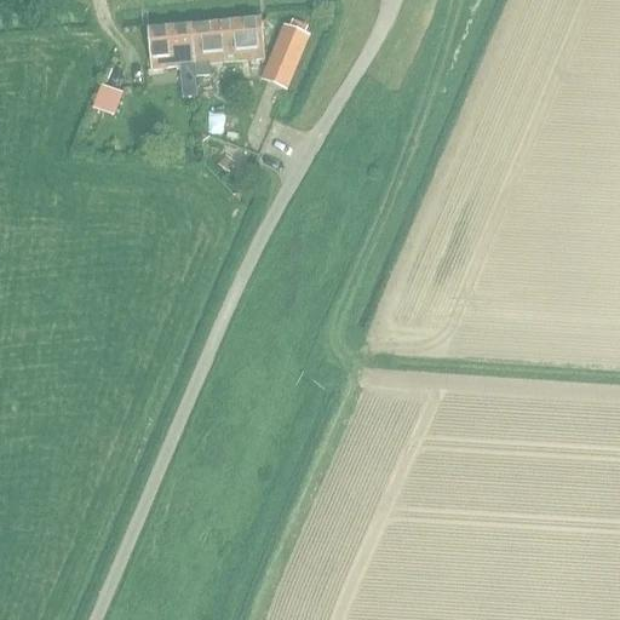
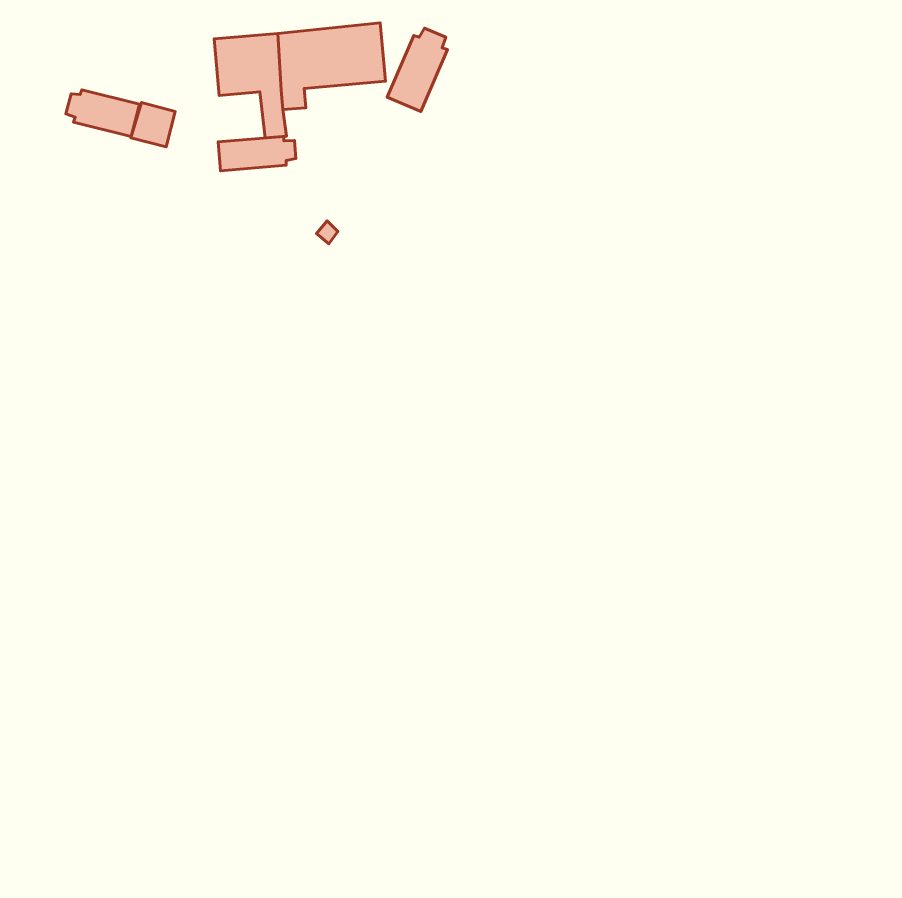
building: none -> [66,90,140,137]
building: none -> [218,136,296,171]

